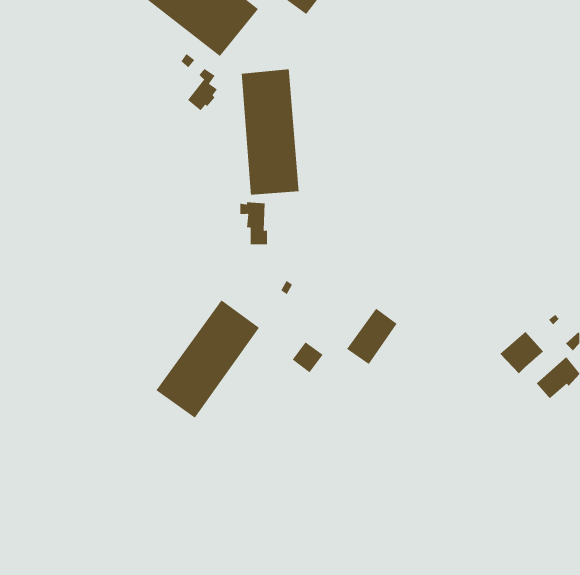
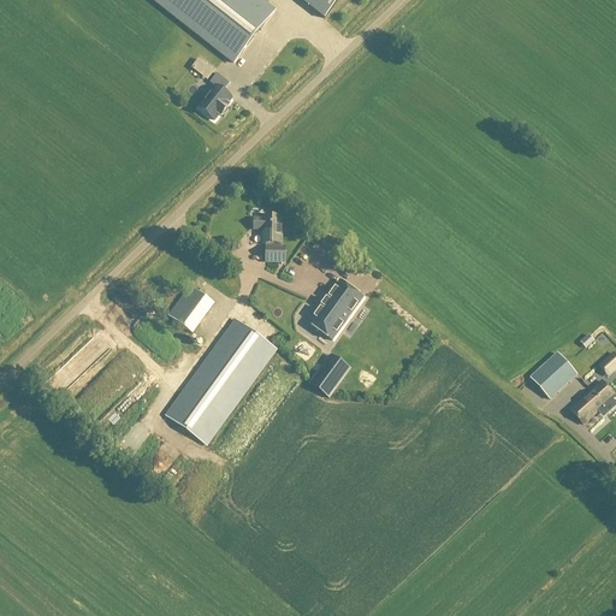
building: [241,69,299,195] -> none
building: none -> [168,285,213,331]
building: [346,308,397,365] -> [308,278,362,338]

